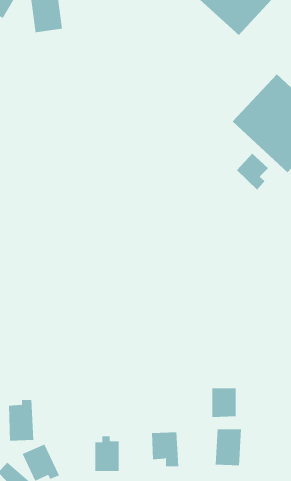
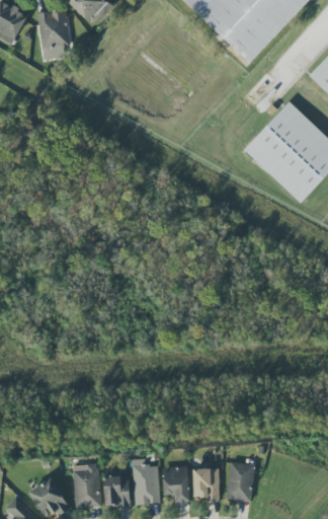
building: [236,153,269,190] -> none
building: [212,388,236,418] -> [192,468,218,499]
building: [8,399,34,441] -> [73,464,99,507]
building: none -> [132,459,159,505]

